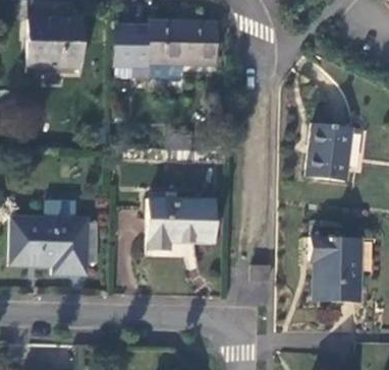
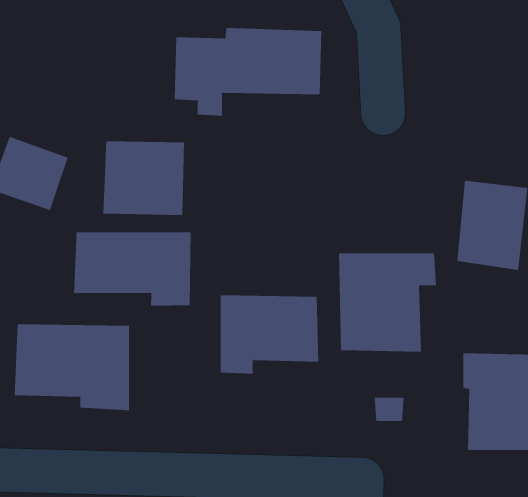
building: [26,18,81,68] -> [102,141,185,216]
building: none -> [74,232,191,307]
building: none -> [339,252,436,353]

